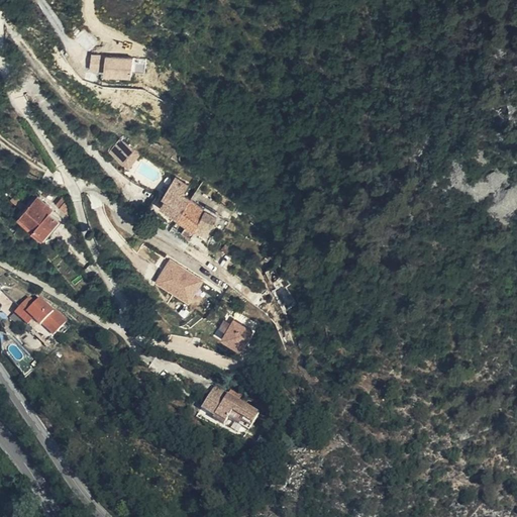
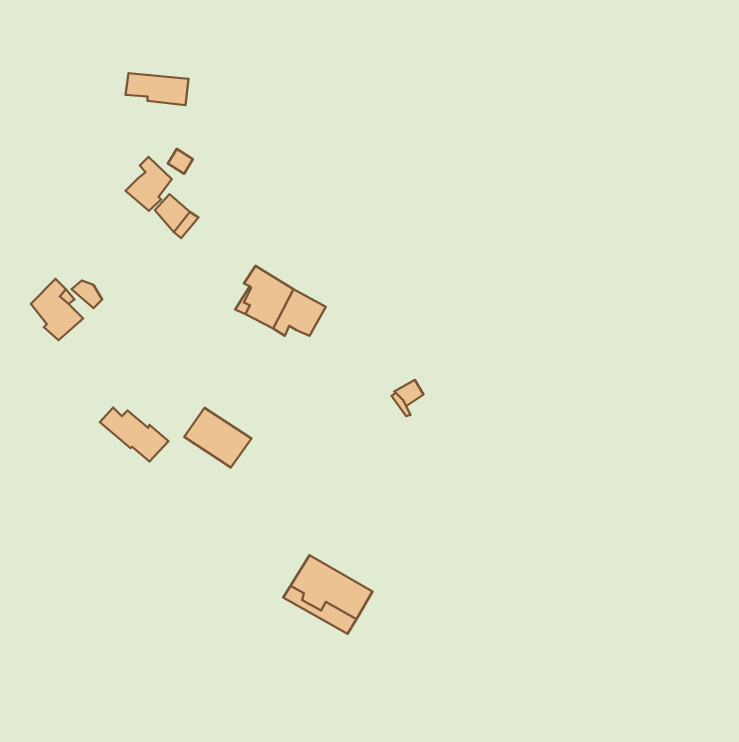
building: none -> [126,157,172,211]
building: [152,261,199,302] -> [184,408,251,468]
building: [25,300,73,337] -> [100,407,169,461]
building: [218,320,249,351] -> none

